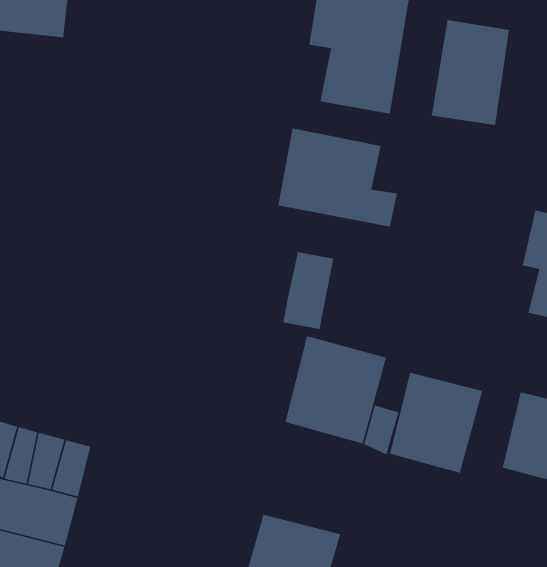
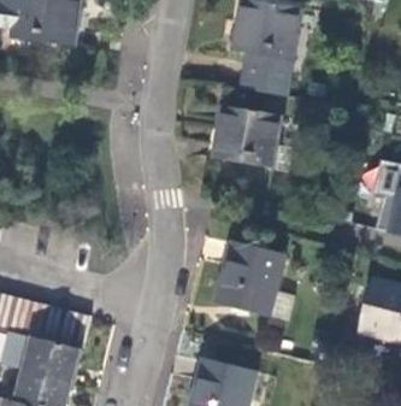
building: [431,19,510,126] -> none
building: [283,251,334,330] -> none
building: [389,372,483,474] -> none

